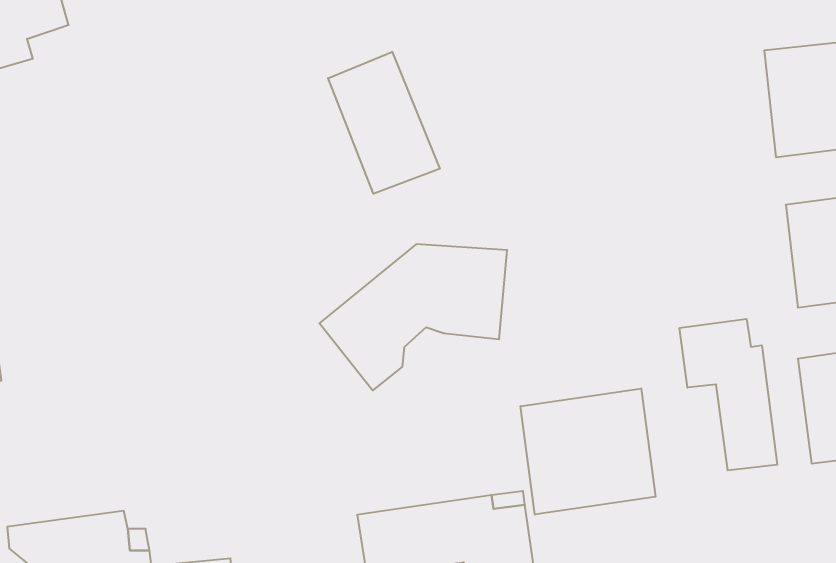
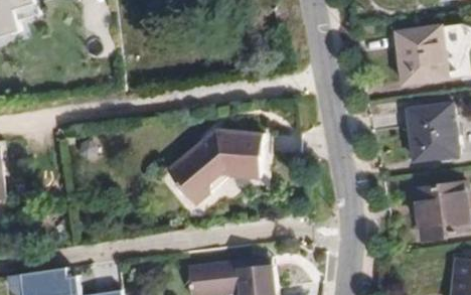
building: [328,52,440,194] -> none
building: [680,319,777,470] -> none
building: [521,388,656,515] -> none

